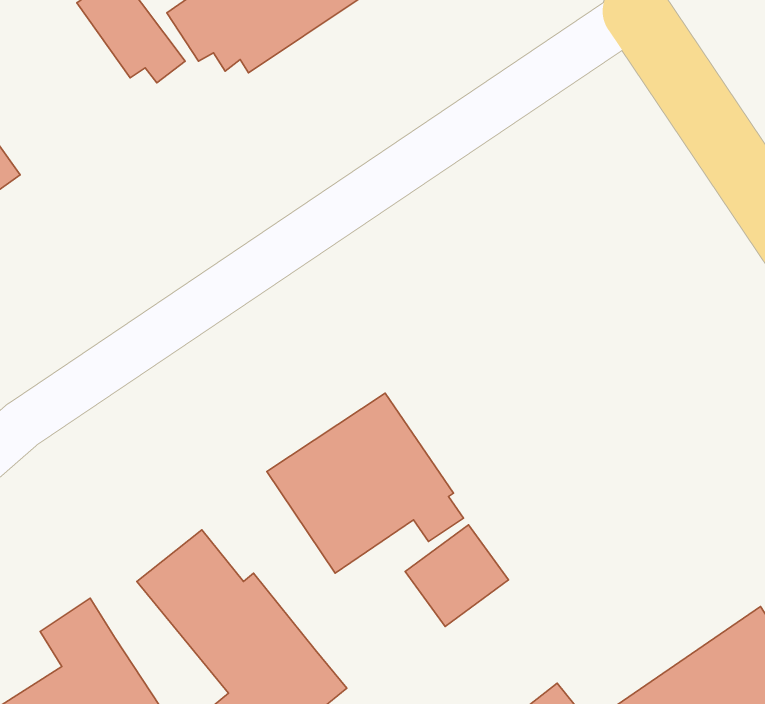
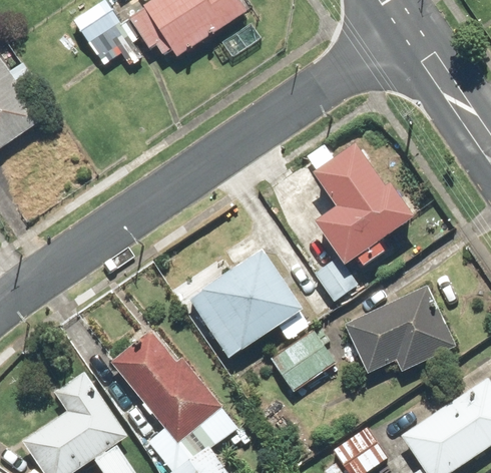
building: none -> [313,144,414,301]
building: none -> [343,287,455,371]

